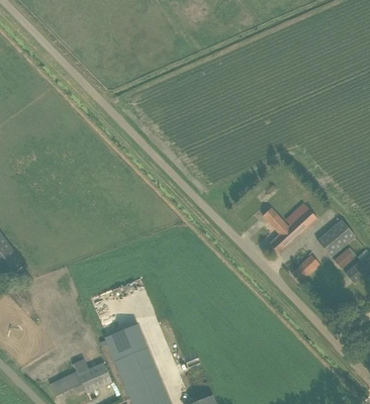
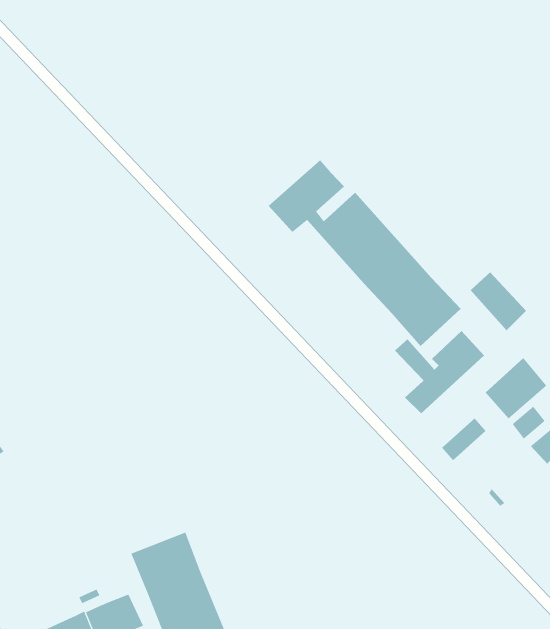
building: none -> [268,160,462,347]
building: none -> [470,271,527,331]

